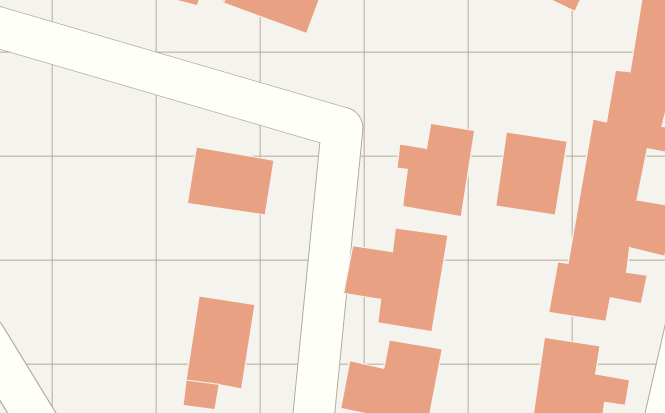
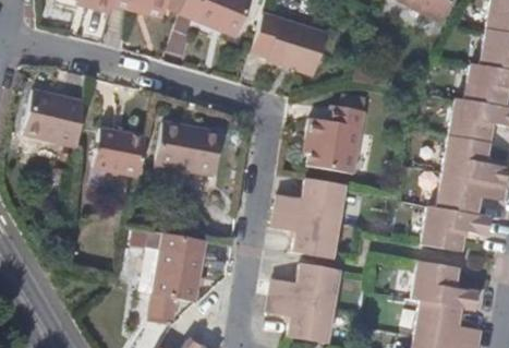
building: none -> [269,22,327,76]
building: none -> [23,97,82,147]
building: [496,132,567,215] -> none
building: none -> [97,128,145,176]

